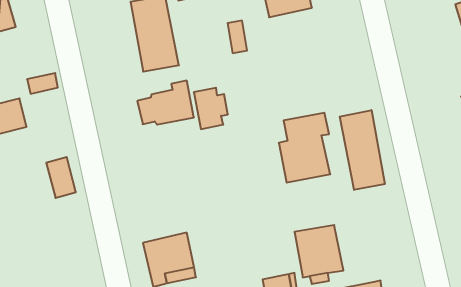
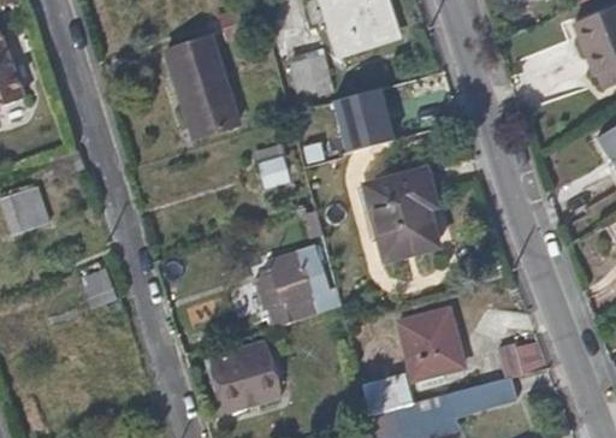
building: none -> [333,87,393,149]
building: [137,81,194,125] -> [256,250,330,310]
building: [340,110,385,190] -> none
building: none -> [497,338,549,378]

